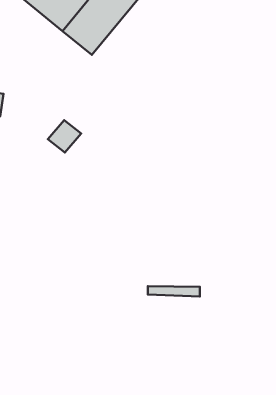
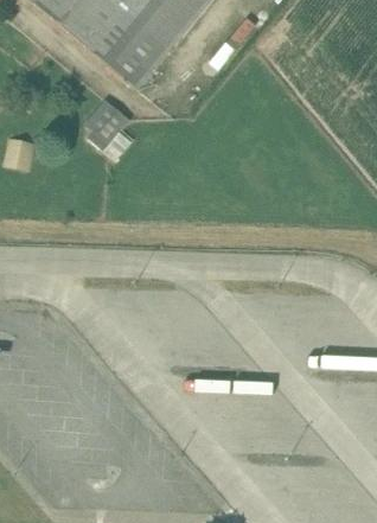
building: [48,120,81,152] -> [87,100,128,140]

